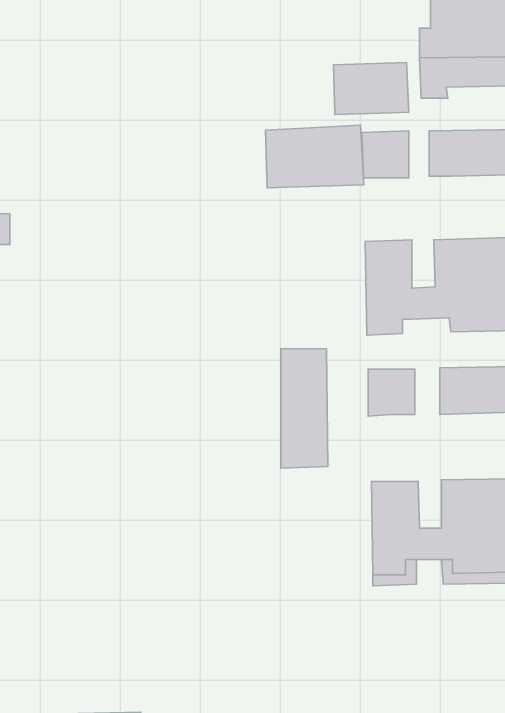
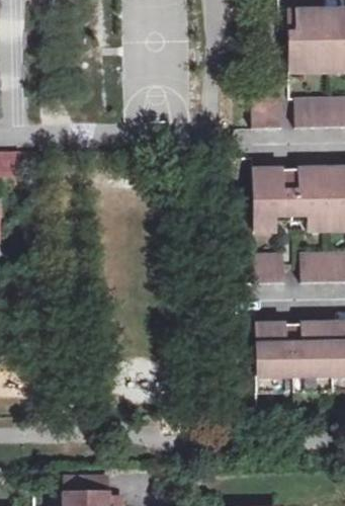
building: [334,62,409,115] -> none
building: [265,125,364,188] -> none
building: [281,349,328,468] -> none

